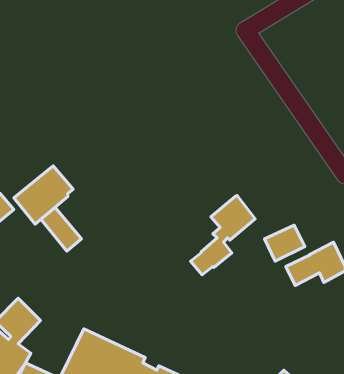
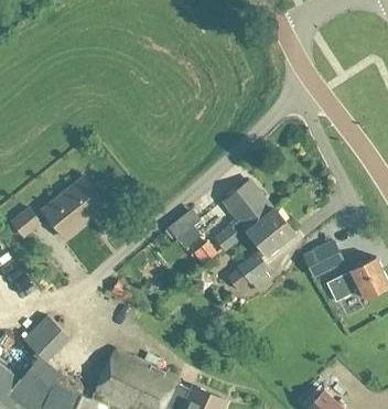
building: none -> [214,182,272,251]
building: none -> [171,219,207,255]
building: [41,208,81,251] -> none

